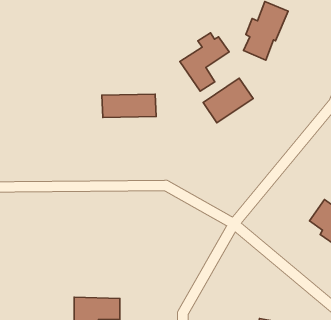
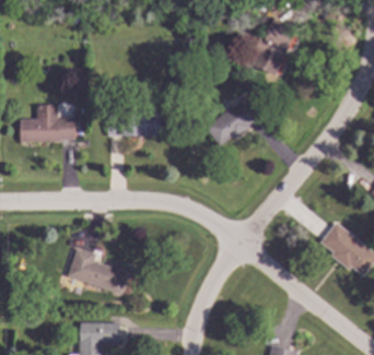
building: [180,33,229,91] -> none
building: none -> [19,104,75,142]
building: none -> [67,247,129,294]

